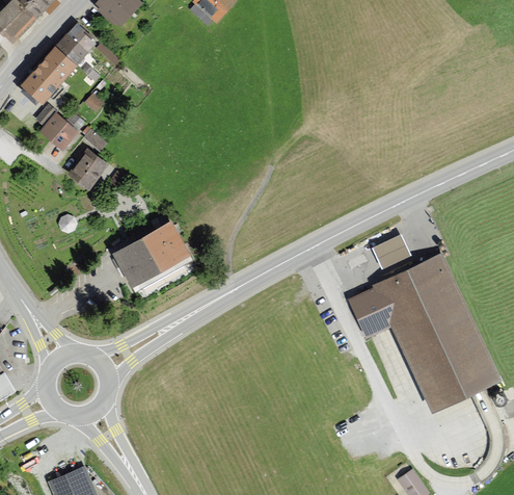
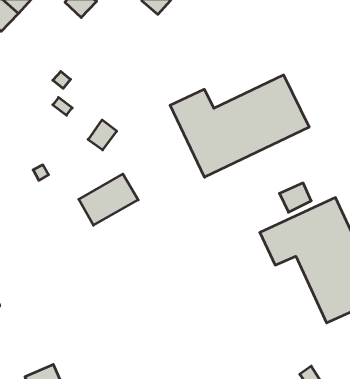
building: [24,26,93,100] -> none
building: none -> [170,75,309,177]
building: [39,112,76,148] -> none
building: [67,149,104,187] -> [88,120,117,150]

